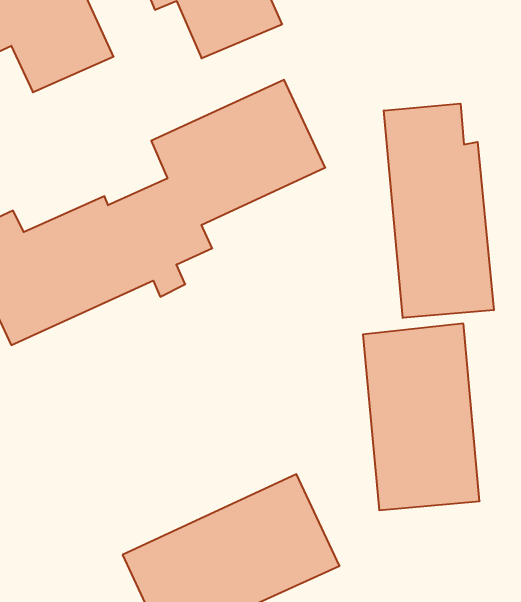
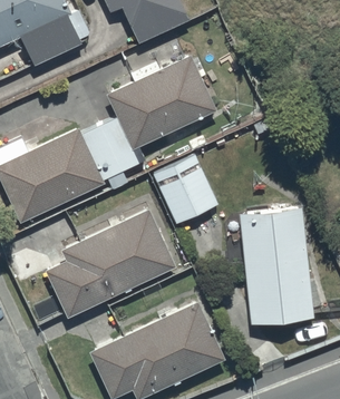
building: [384,104,494,318] -> none
building: none -> [154,155,217,224]
building: none -> [47,212,175,317]

